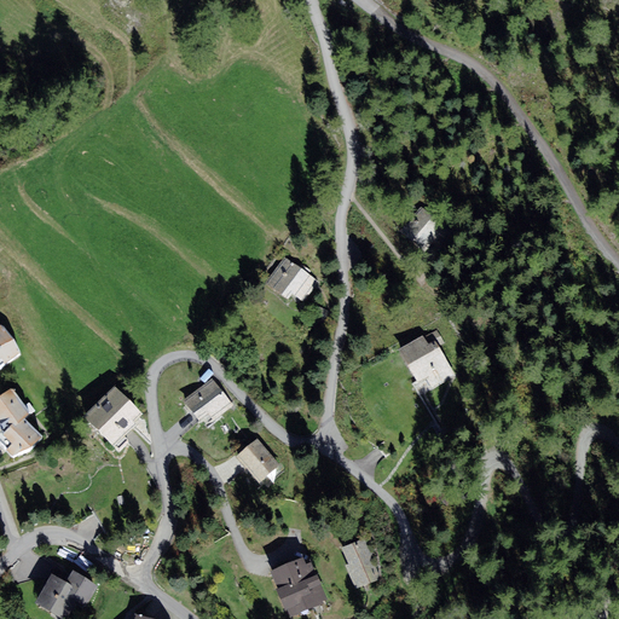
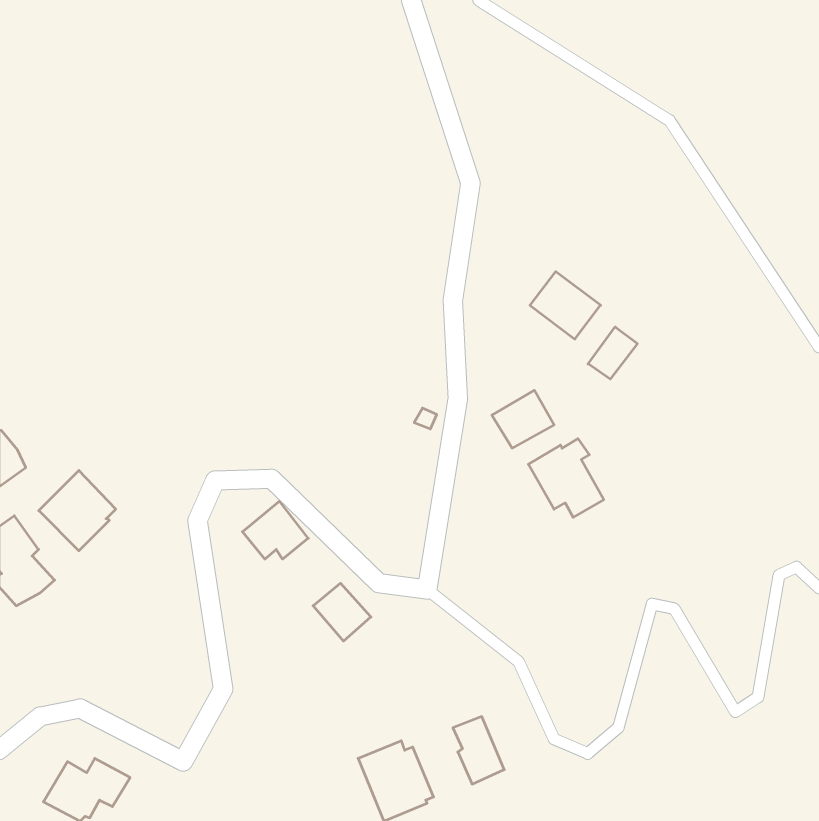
building: none -> [588,327,637,379]
building: [264,256,318,302] -> none
building: none -> [492,390,554,448]
building: [83,386,141,446] -> [39,470,116,551]

